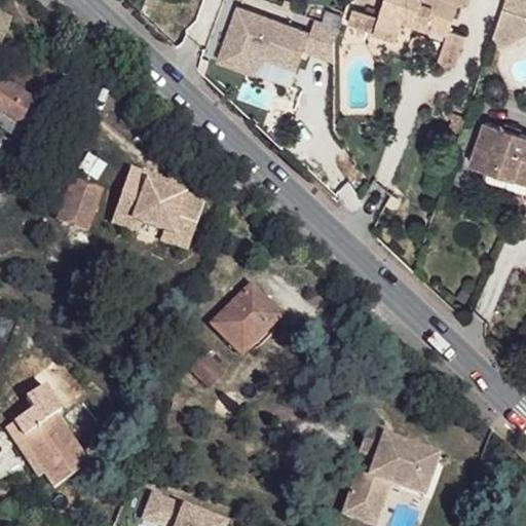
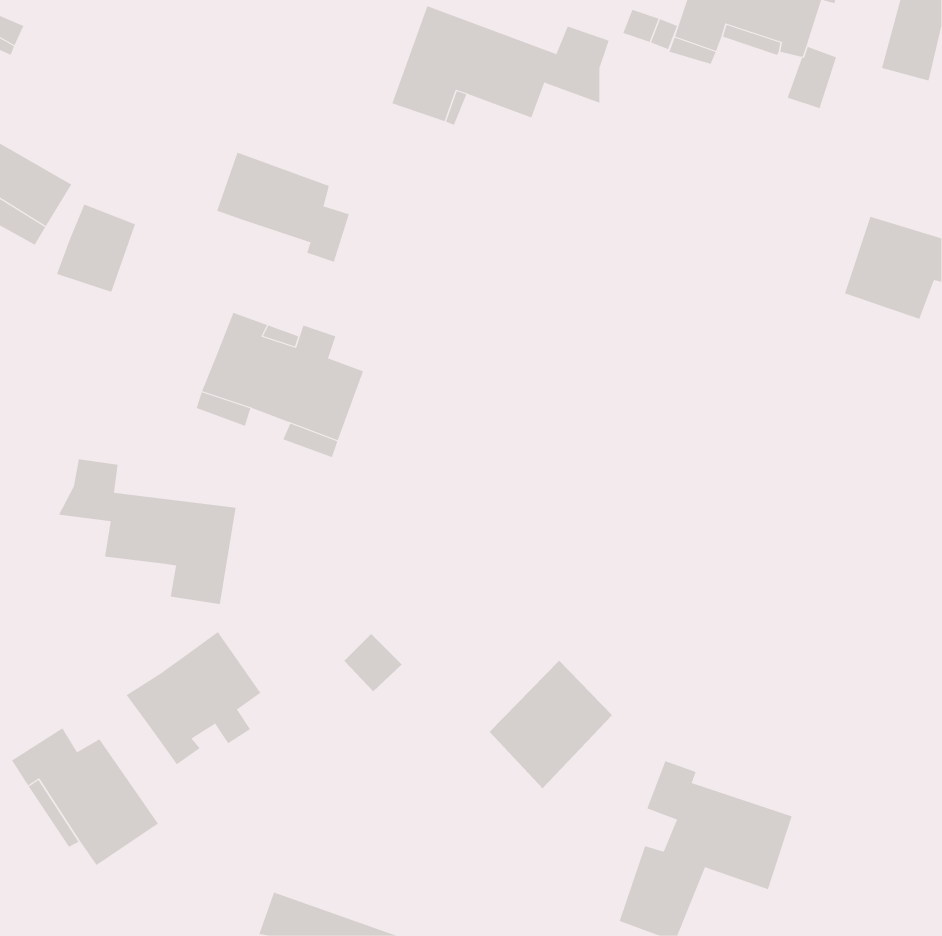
building: none -> [217,152,350,262]
building: [57,179,101,228] -> [56,204,136,293]
building: none -> [58,458,236,605]
building: [212,283,280,354] -> [489,660,613,789]
building: none -> [126,631,261,765]

